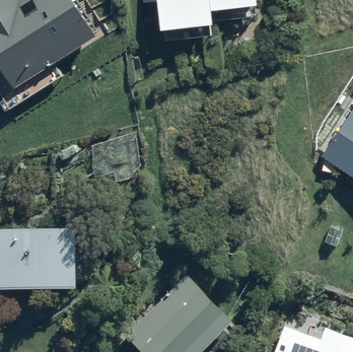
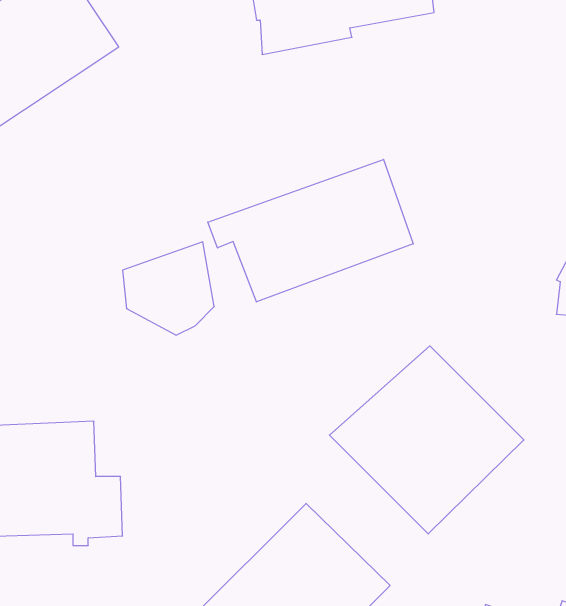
building: none -> [208,159,413,302]
building: none -> [329,346,524,534]

